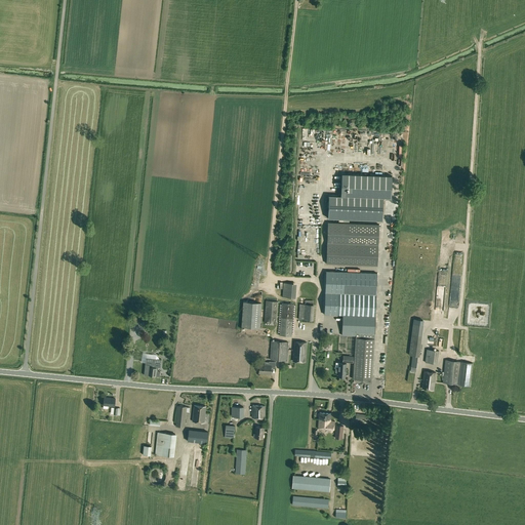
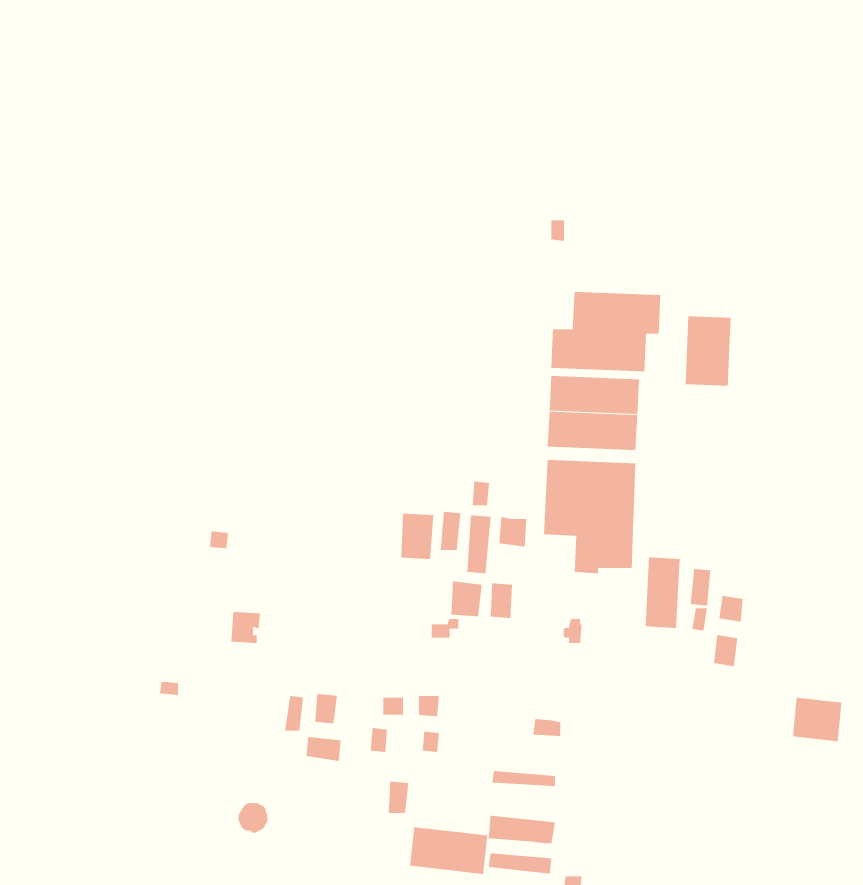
building: none -> [685,316,731,386]
building: [353,338,373,379] -> [645,557,680,628]
building: [442,360,471,386] -> [792,697,842,742]
building: [154,433,175,456] -> none
building: none -> [409,826,488,875]

